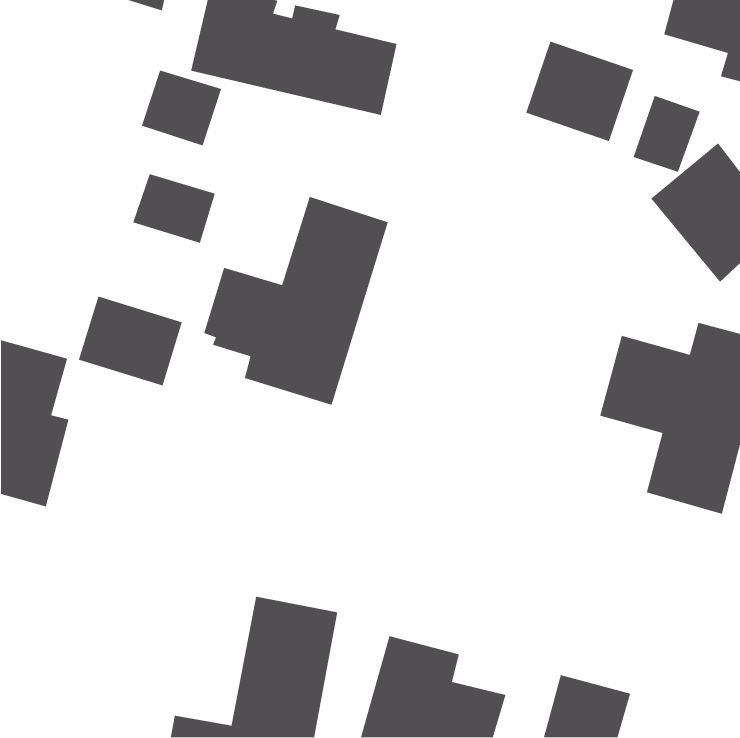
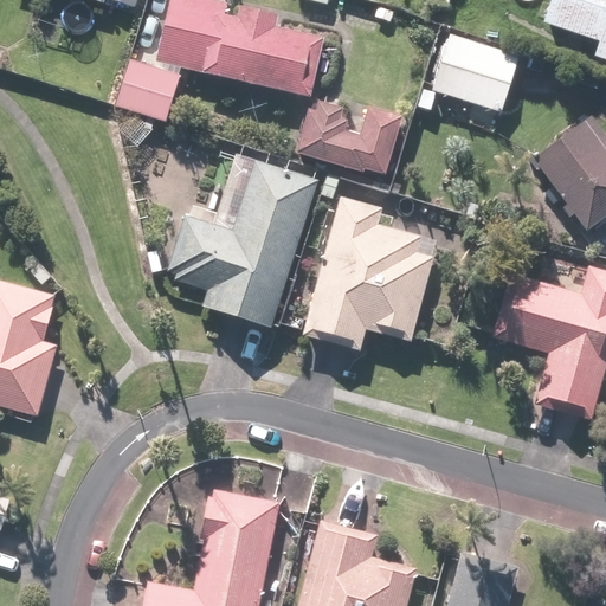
building: [633,95,701,173] -> none
building: none -> [292,102,398,179]
building: [132,173,216,244] -> none
building: none -> [310,198,433,350]
building: [78,296,183,387] -> none

